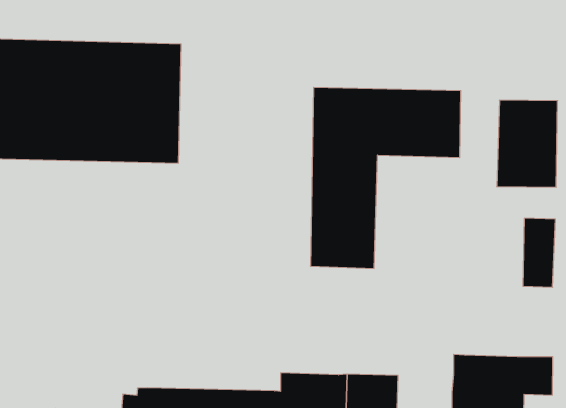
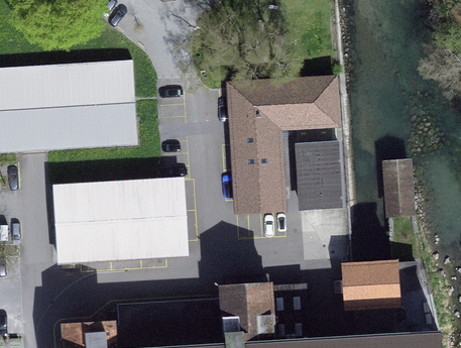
building: [497,100,558,187] -> [297,143,342,208]
building: none -> [54,180,186,261]

